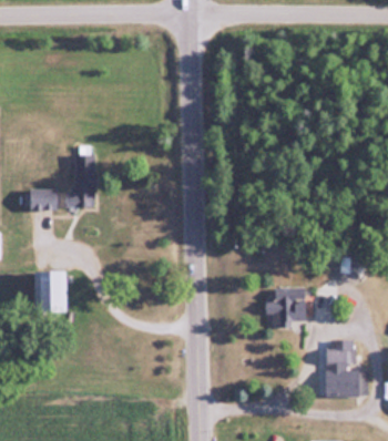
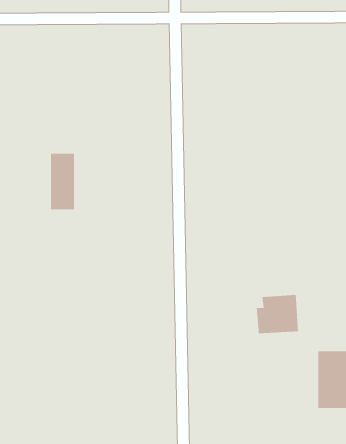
building: [29,189,57,208] -> none
building: [35,271,63,311] -> none

